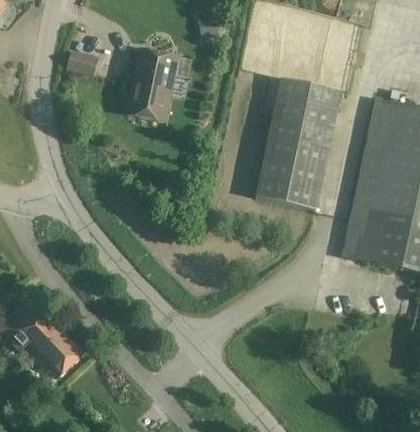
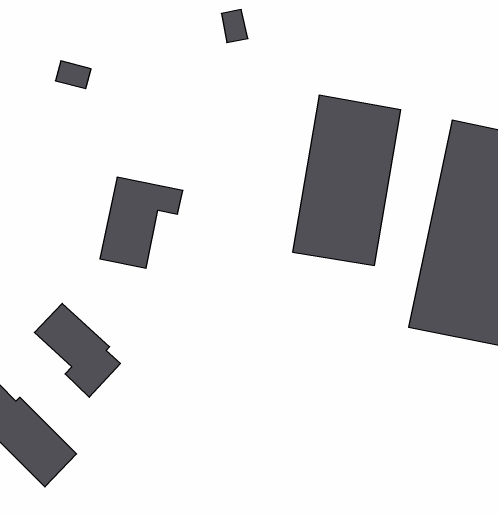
building: [129,50,193,120] -> [100,177,183,268]
building: none -> [34,303,120,397]

